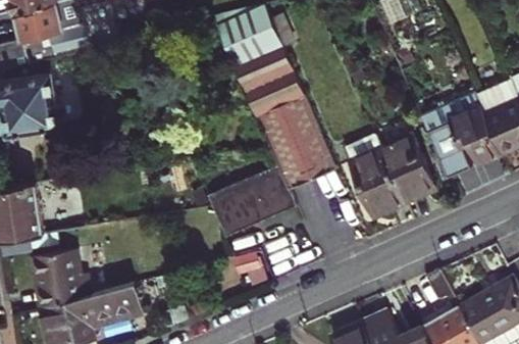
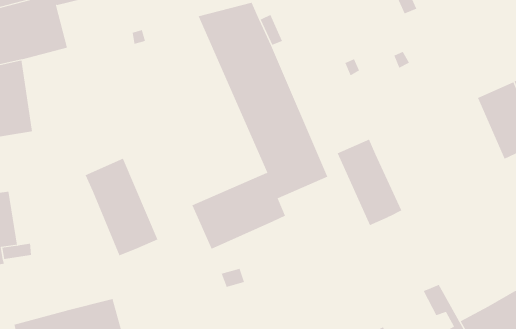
building: [419,92,500,177] -> none
building: [379,134,434,200] -> none
building: none -> [85,158,158,256]
building: [31,249,88,307] -> none

